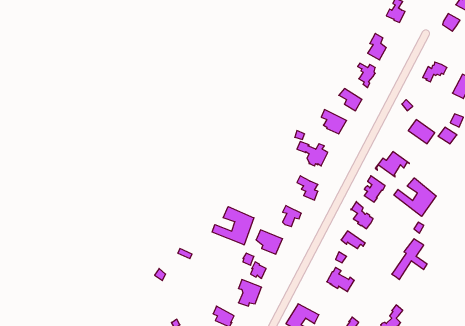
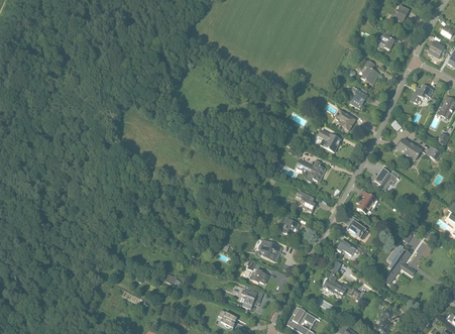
building: [394,178,436,216] -> none
building: [212,207,254,245] -> none

